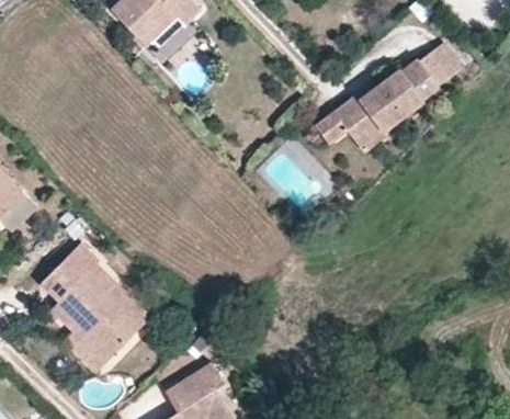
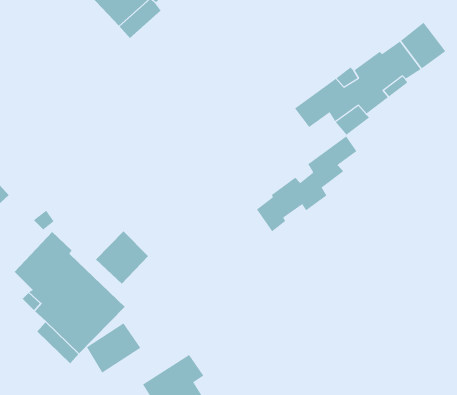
building: none -> [256,136,357,232]
building: none -> [95,230,149,284]
building: none -> [86,323,141,373]

